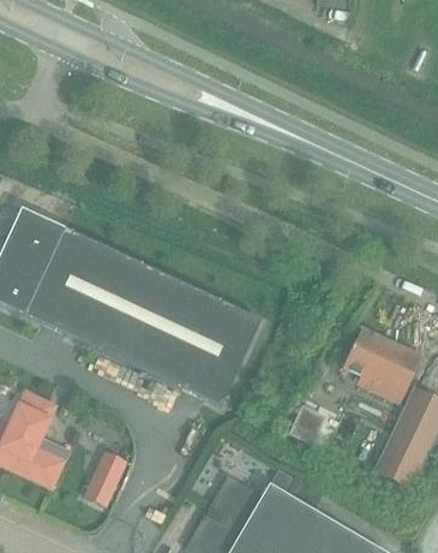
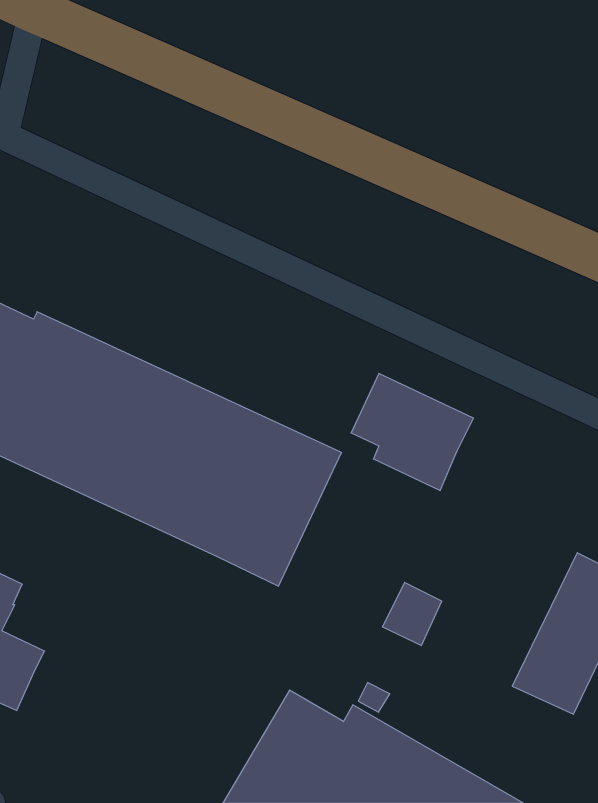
building: [342,326,421,402] -> [351,374,474,490]
building: [84,459,122,505] -> none

